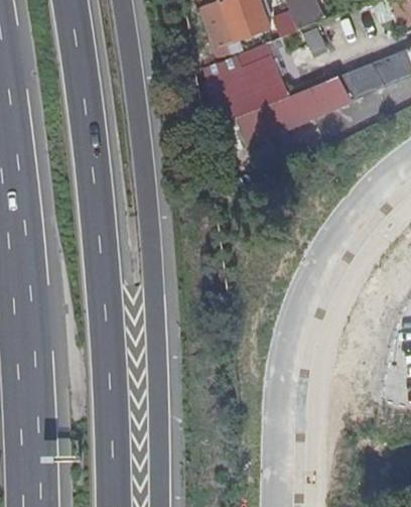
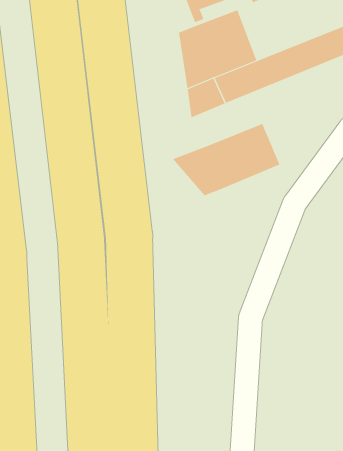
building: none -> [172,123,280,196]

